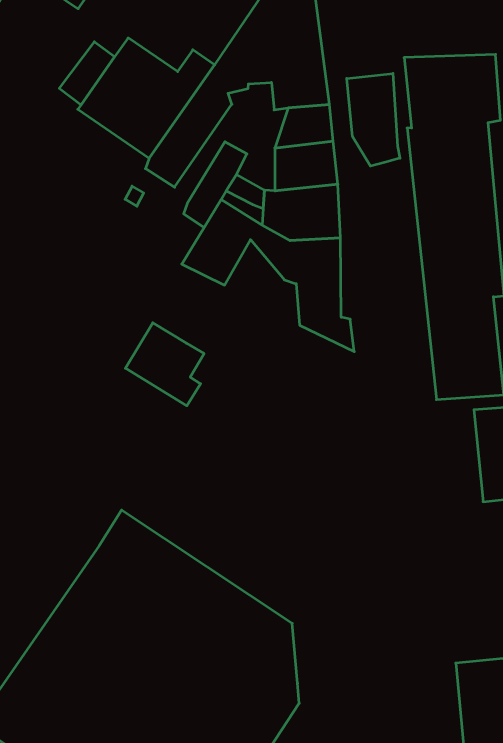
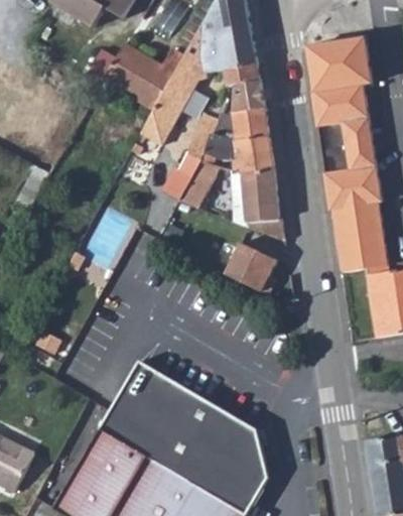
building: [347,73,400,166] -> none
building: [125,323,204,406] -> [225,241,276,294]

